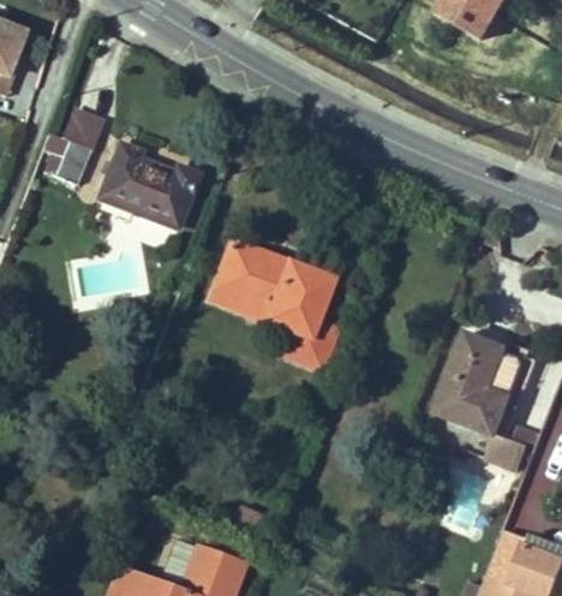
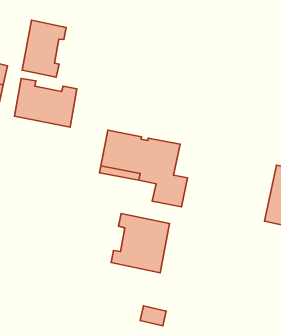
building: none -> [22,20,66,77]
building: none -> [111,213,170,273]

